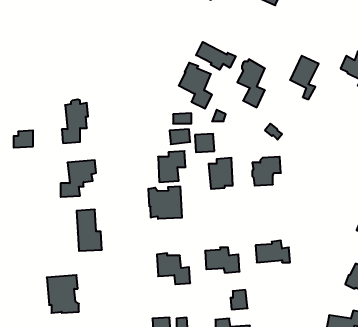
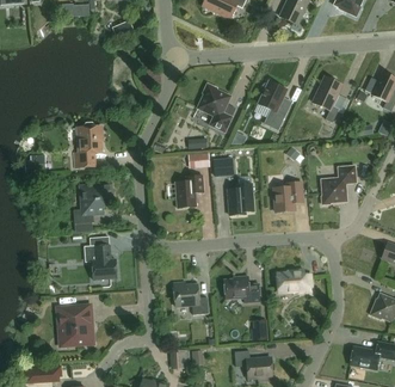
building: [196,42,236,70] -> none
building: none -> [320,166,356,204]
building: [148,186,182,219] -> none

